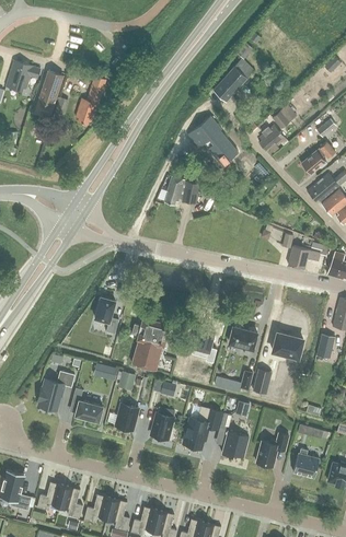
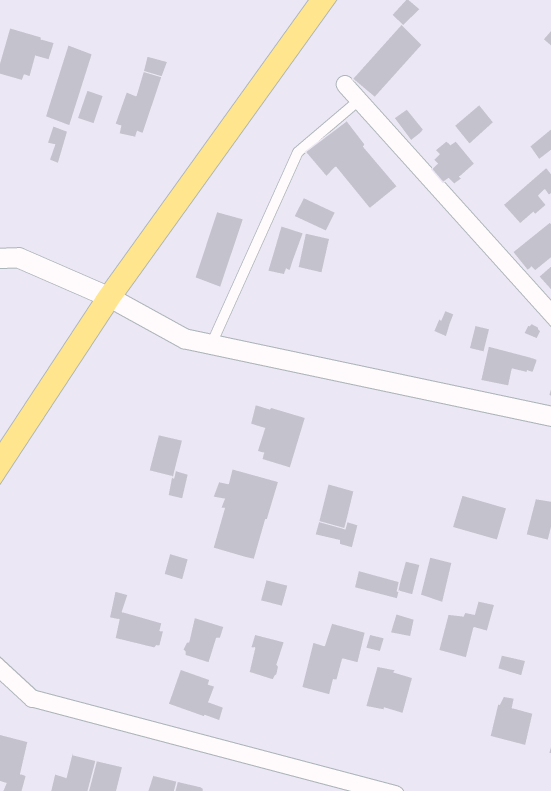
building: none -> [195,211,244,288]
building: none -> [251,405,305,468]
building: [229,326,257,354] -> none
building: [38,371,74,410] -> none
building: none -> [168,669,223,721]
building: [256,433,289,466] -> [438,601,495,658]

